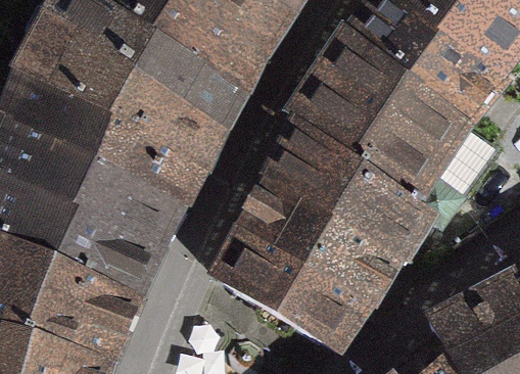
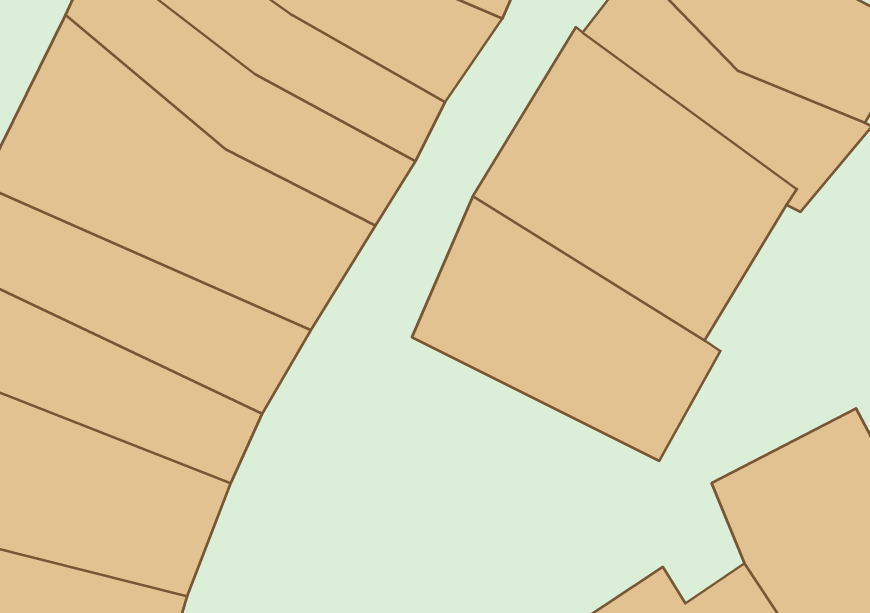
building: [210,211,391,360] -> none

